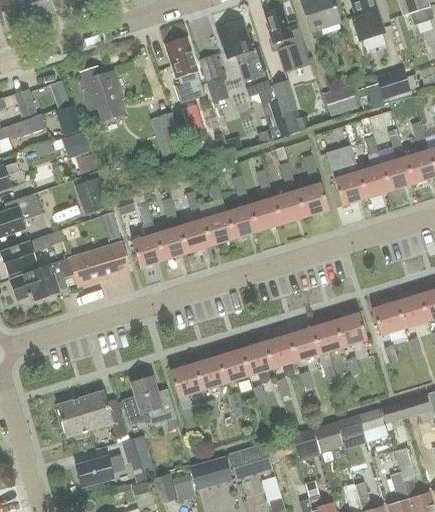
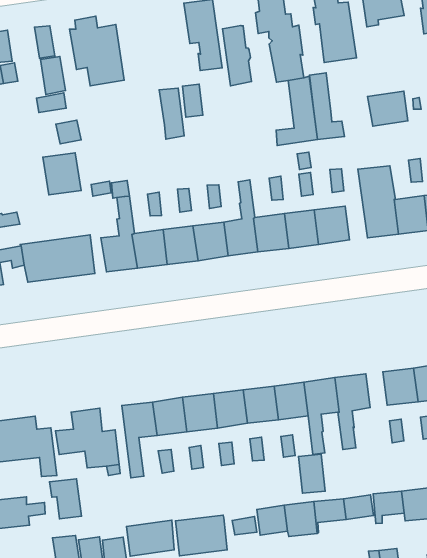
building: none -> [299,454,325,493]

